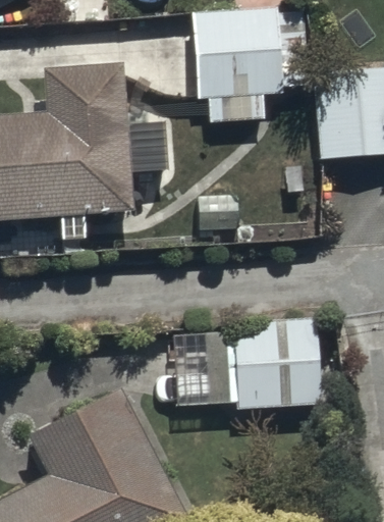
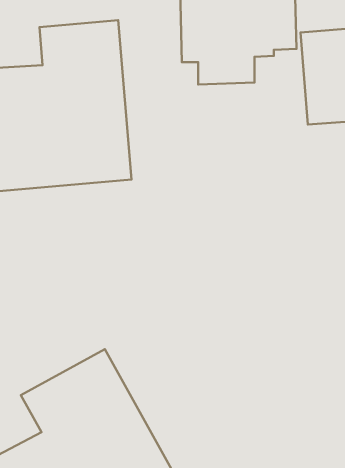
building: [170,317,320,409] -> none

